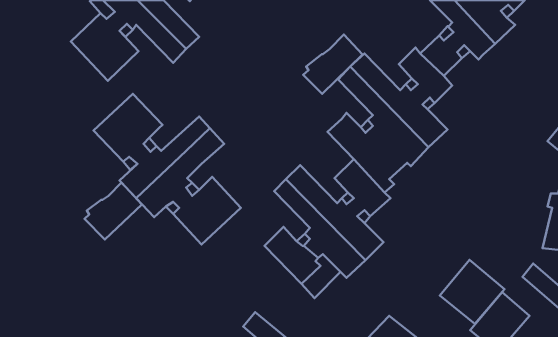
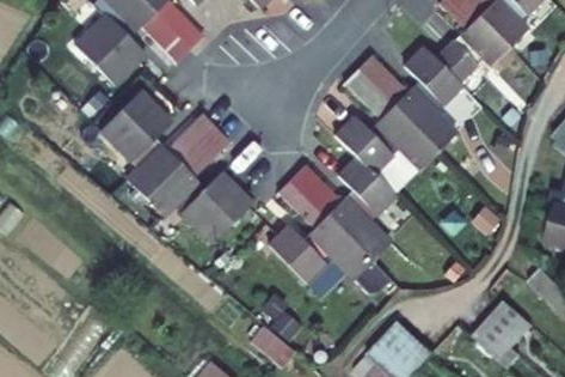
building: [303,34,363,94] -> none
building: [85,182,142,240] -> none
building: [440,260,505,324] -> none

